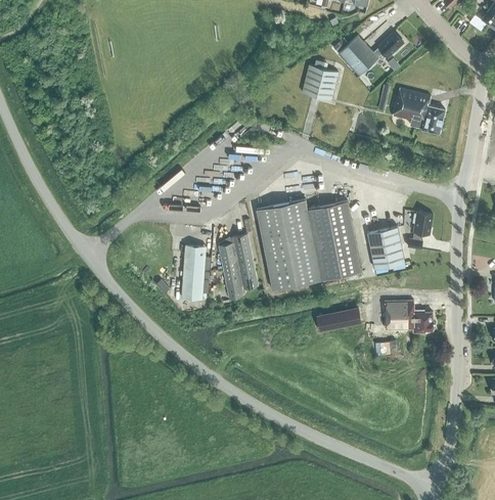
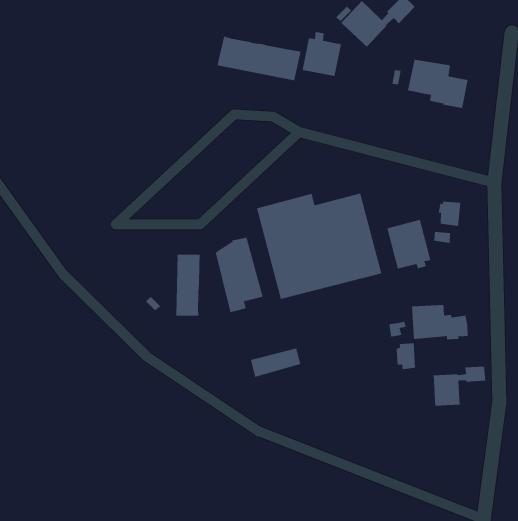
building: none -> [217,36,301,81]
building: [317,308,361,331] -> [250,348,301,378]
building: none -> [433,366,486,407]

